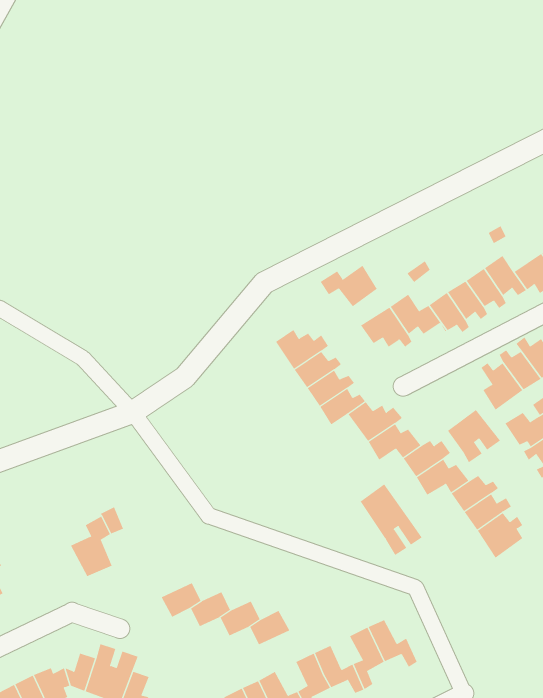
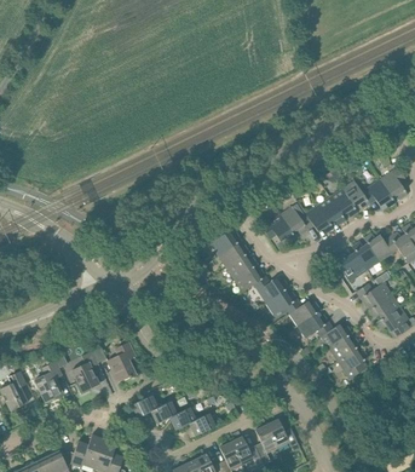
building: [320,265,378,307] -> none
building: [447,409,501,463] -> none
building: [360,483,423,556] -> none
building: none -> [108,343,136,381]
building: none -> [34,362,62,402]

